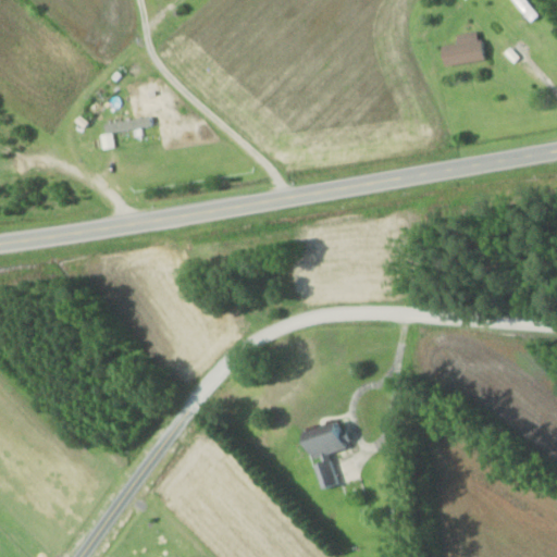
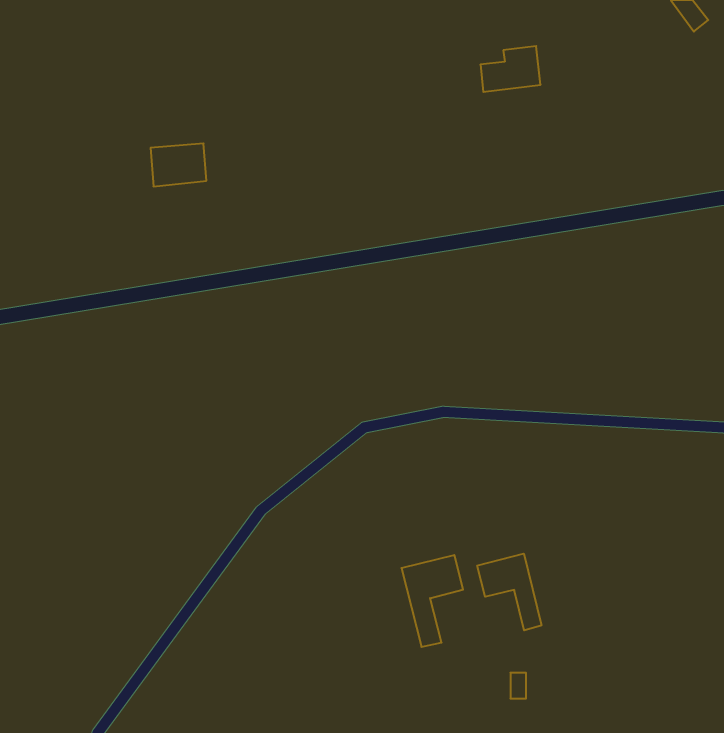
building: [440,32,485,66] -> [480,46,541,92]
building: none -> [477,554,541,630]

